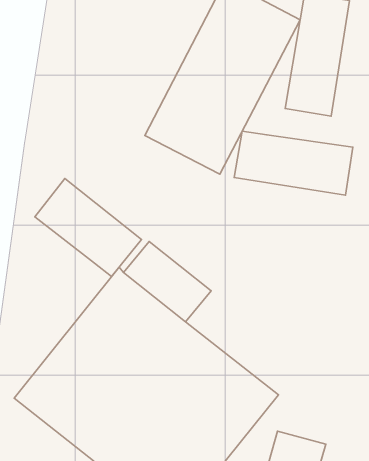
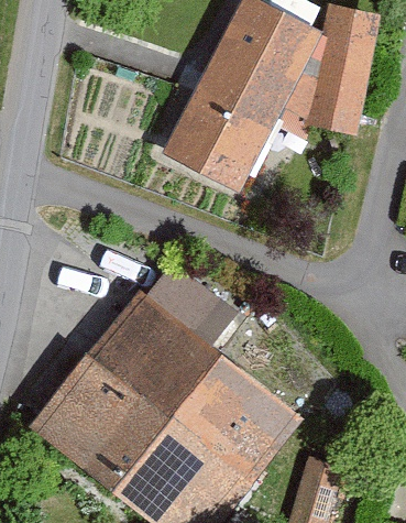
building: [234,131,353,195] -> none
building: [35,179,142,276] -> none

